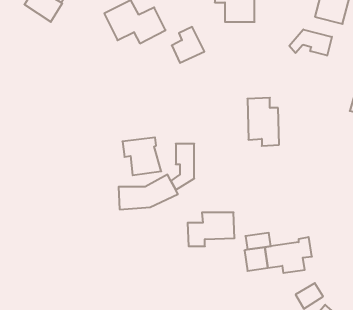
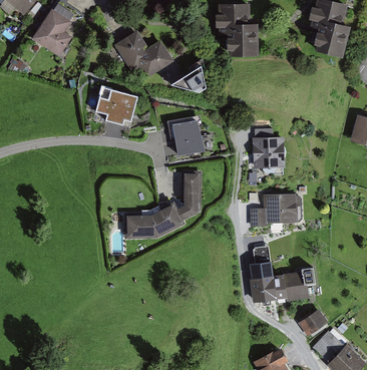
building: [289,29,332,56] -> none
building: none -> [95,87,139,128]
building: [122,137,161,175] -> [167,118,206,155]
building: [188,212,235,246] -> [250,195,296,228]

